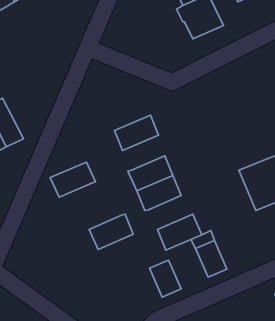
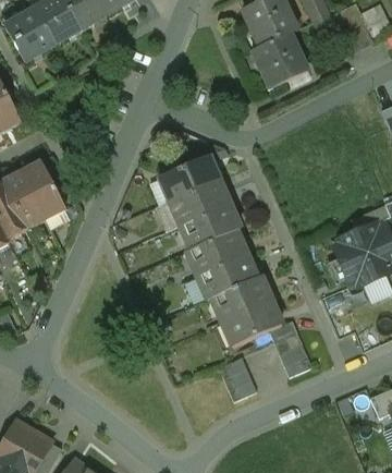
building: none -> [164,154,219,197]
building: [50,162,95,197] -> [185,203,240,245]
building: [89,214,133,249] -> [217,275,270,317]

